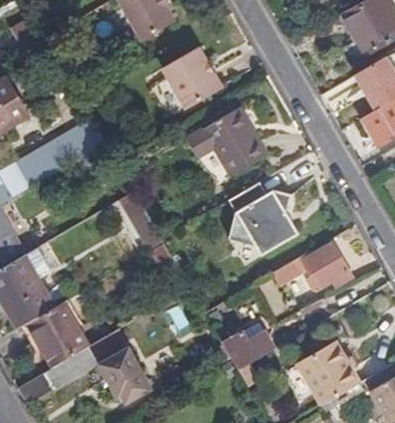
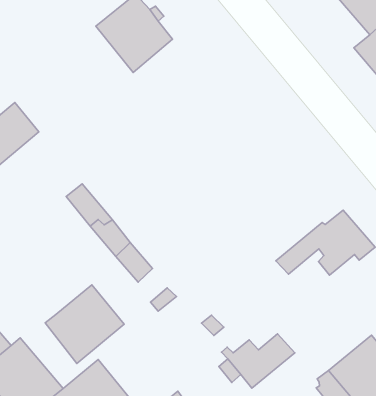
building: [190,109,268,176] -> none
building: [229,183,300,255] -> none
building: none -> [45,285,124,363]

